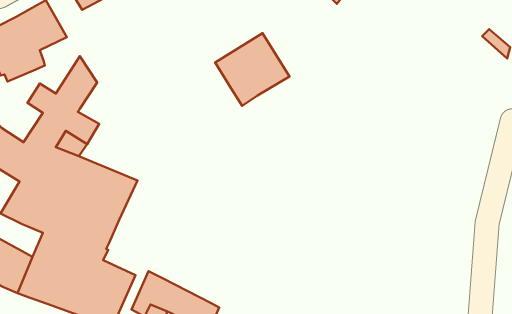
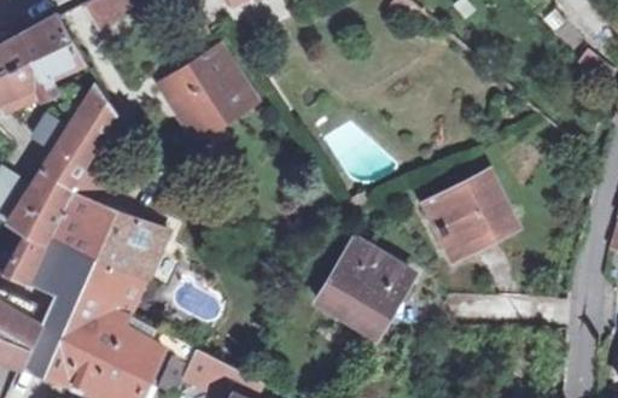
building: [215,33,290,106] -> [162,49,251,136]
building: none -> [425,172,513,258]
building: none -> [316,238,412,330]

